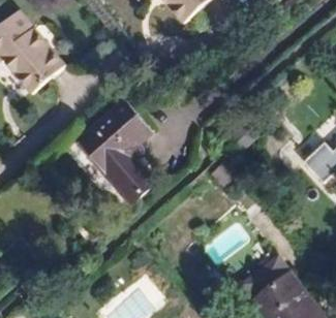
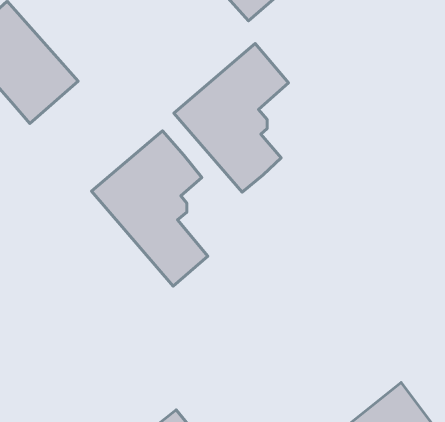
building: none -> [174,44,289,192]

